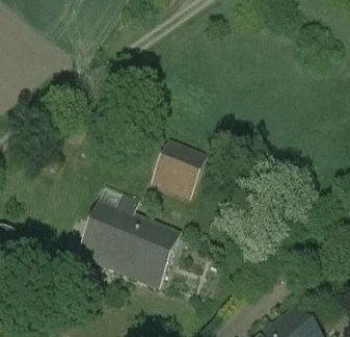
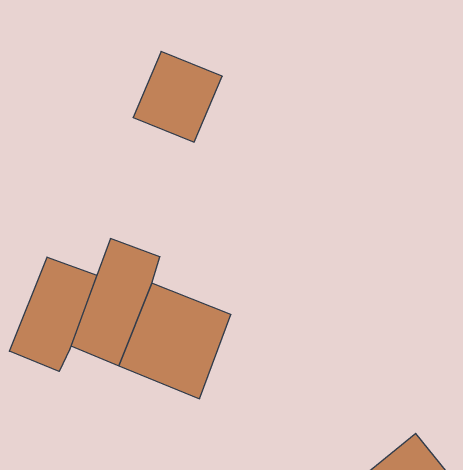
building: [150,139,206,197] -> [133,51,222,142]
building: none -> [9,257,97,371]

